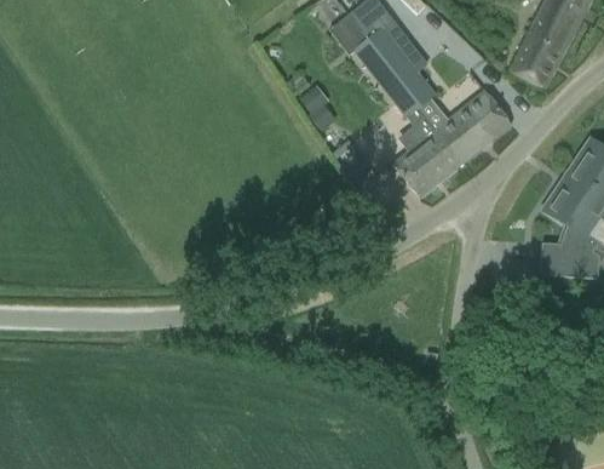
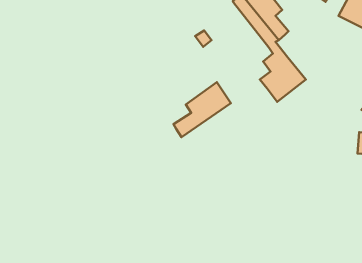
building: [435,88,512,162] -> none
building: none -> [174,82,231,137]

